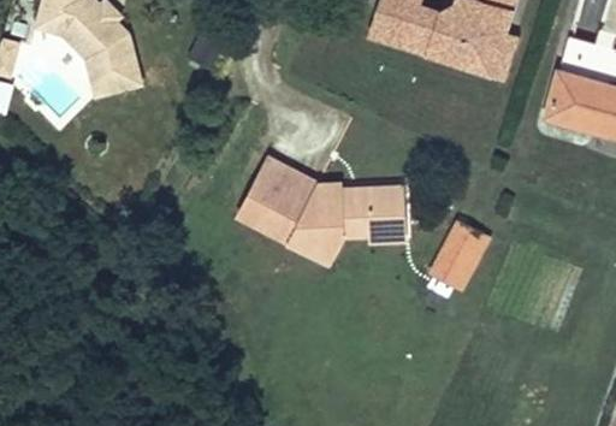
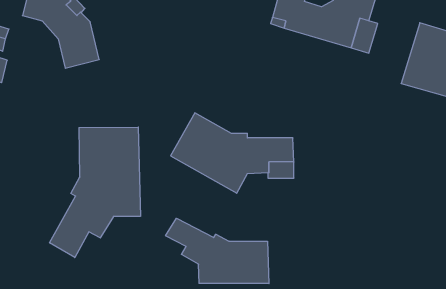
building: none -> [50,127,140,258]
building: [427,225,484,294] -> none
building: none -> [166,218,269,284]

